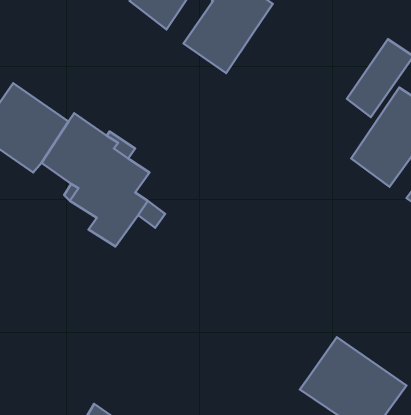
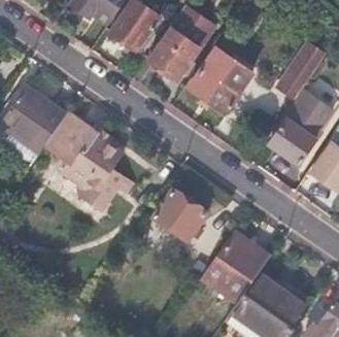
building: none -> [191,48,251,112]
building: none -> [155,191,207,241]
building: none -> [201,233,270,303]

